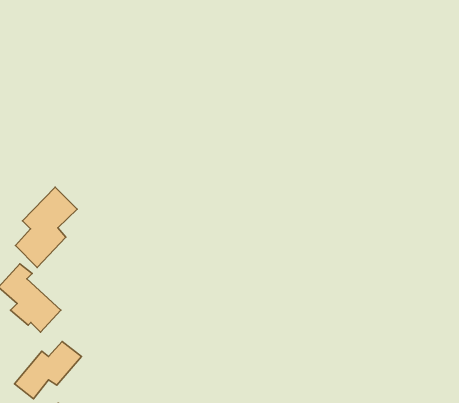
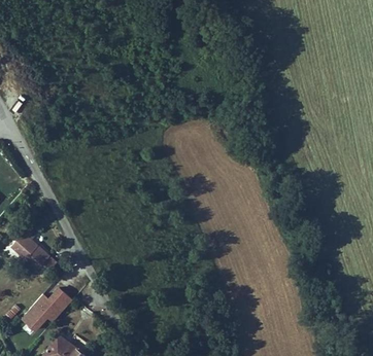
building: [16,187,77,268] -> none

